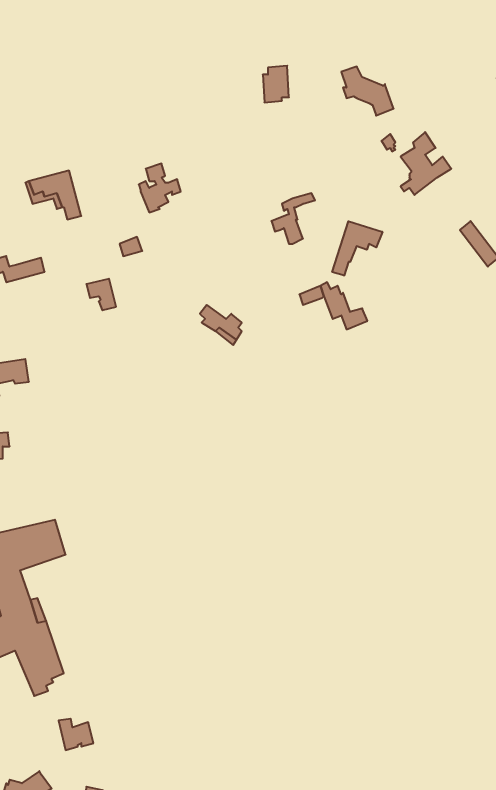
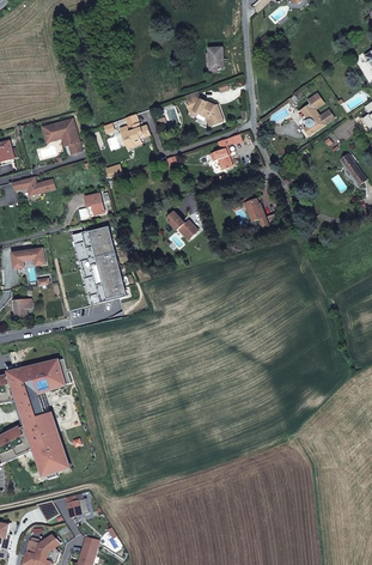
building: [341,67,394,116] -> [185,91,221,124]
building: [332,221,382,276] -> none
building: none -> [73,225,126,304]

